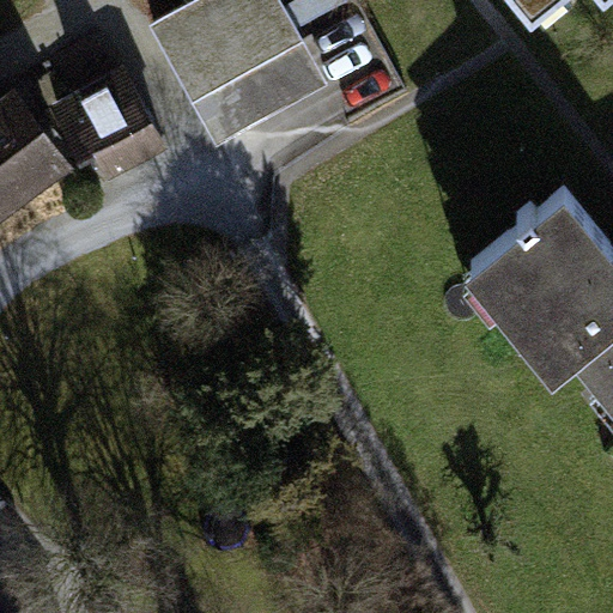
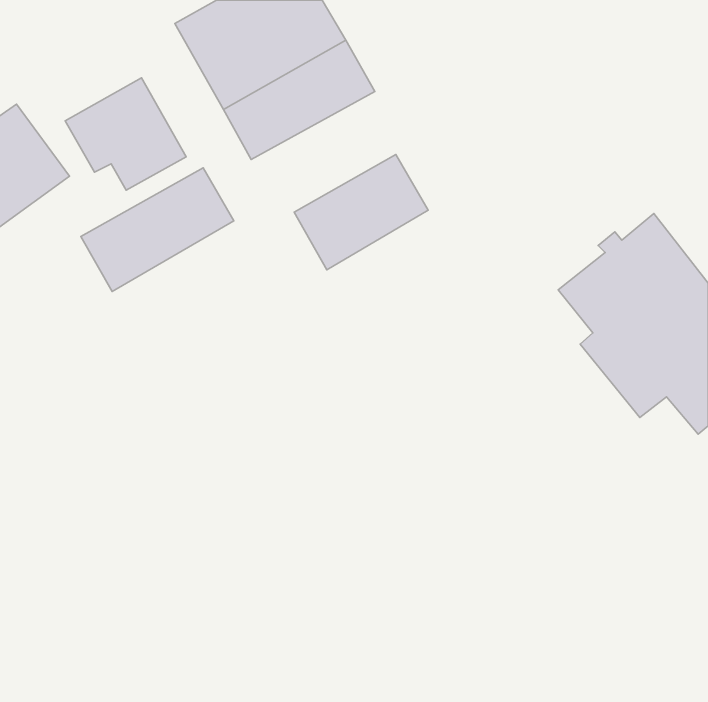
building: none -> [294,154,428,270]
building: none -> [81,168,234,292]

